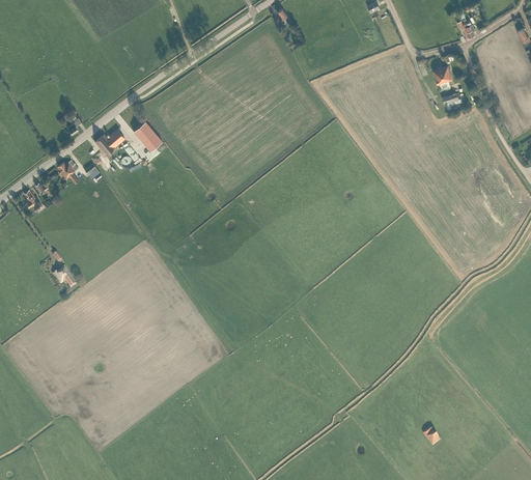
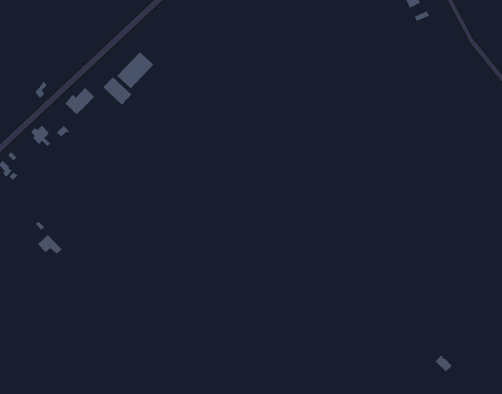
building: none -> [117,51,154,89]

